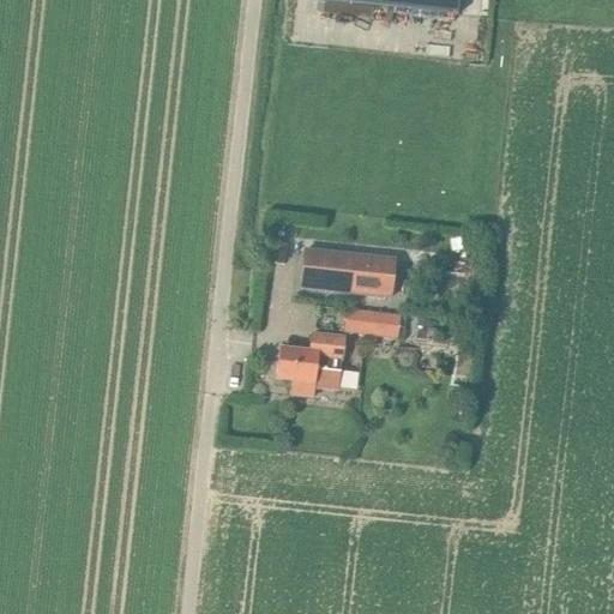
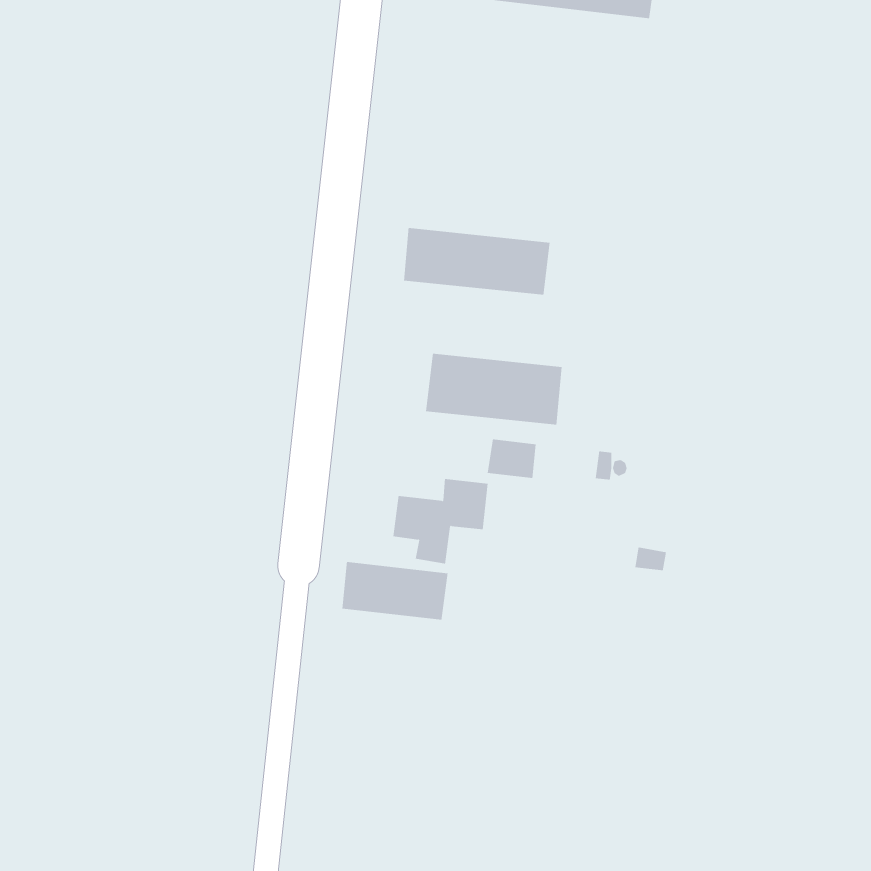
building: none -> [404,227,550,296]
building: none -> [342,561,448,620]

